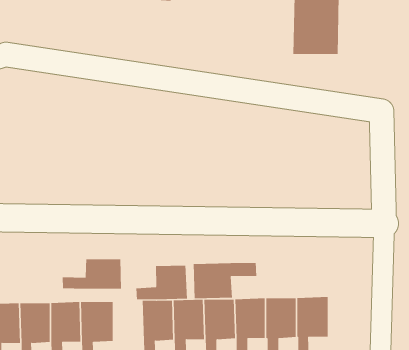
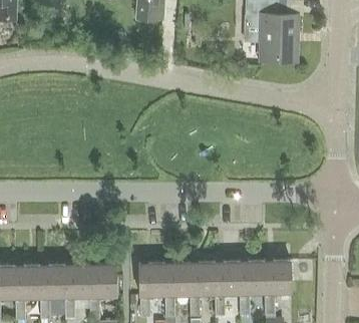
building: [62,258,122,289] -> none
building: [193,262,257,299] -> none
building: [136,265,188,300] -> none

